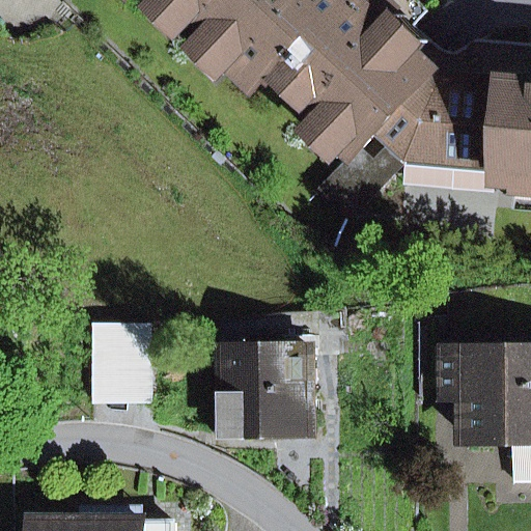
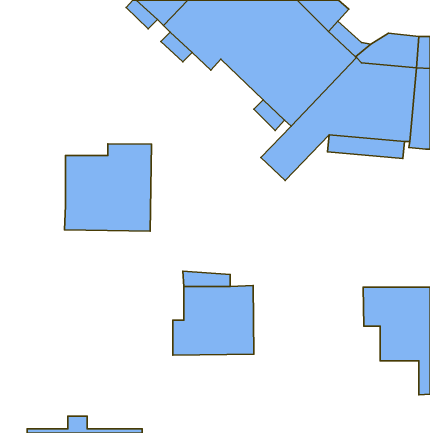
building: none -> [64,144,151,231]
building: [90,325,151,402] -> none

